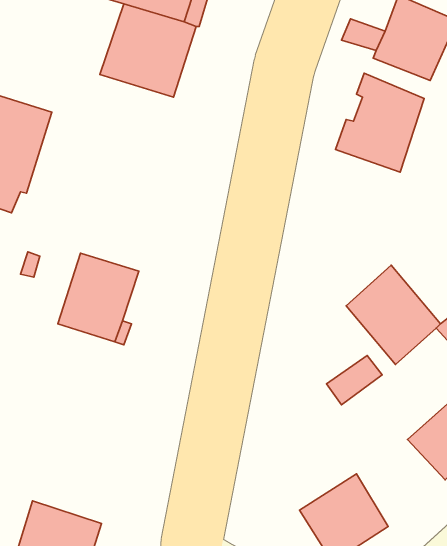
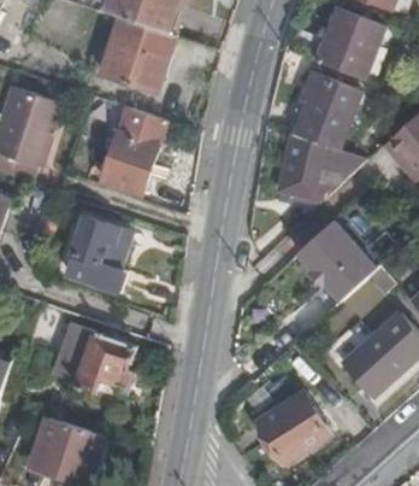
building: none -> [101,106,166,193]
building: none -> [278,134,370,203]
building: none -> [49,322,135,390]

